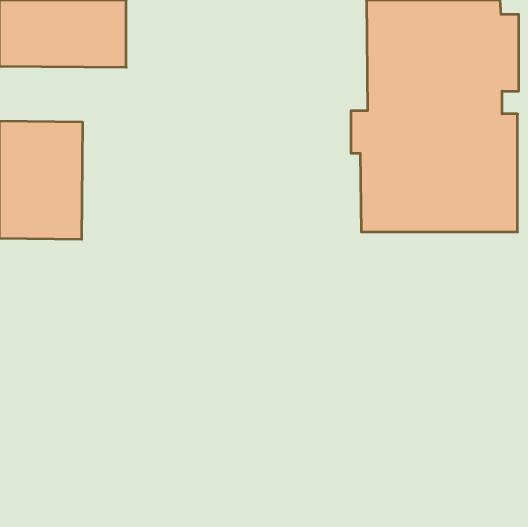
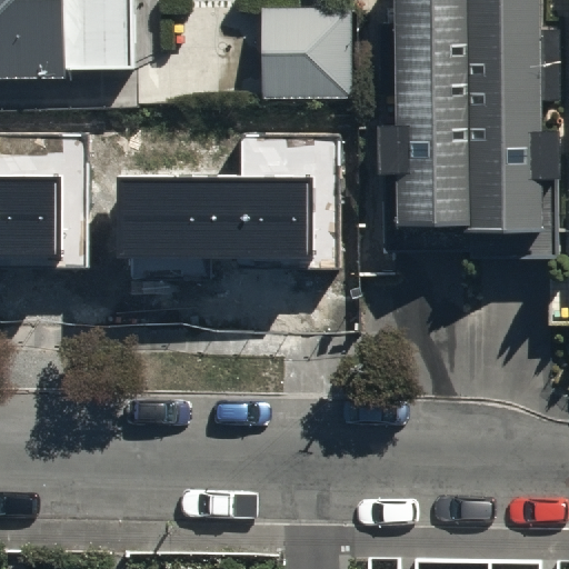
building: none -> [261,8,351,97]
building: none -> [117,137,340,260]

